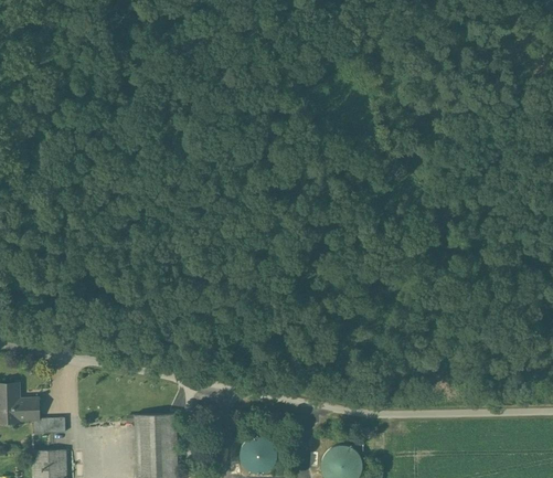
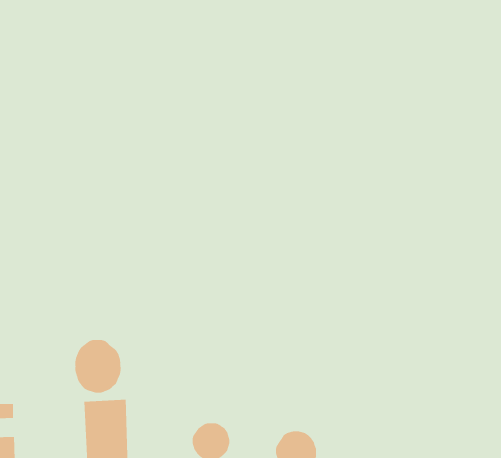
building: none -> [75,339,121,394]

